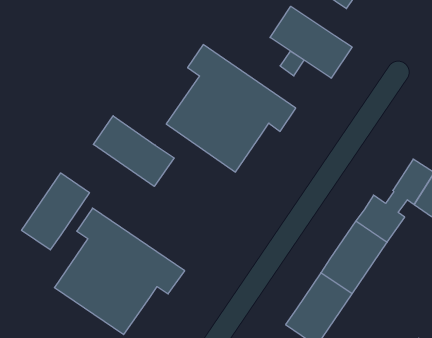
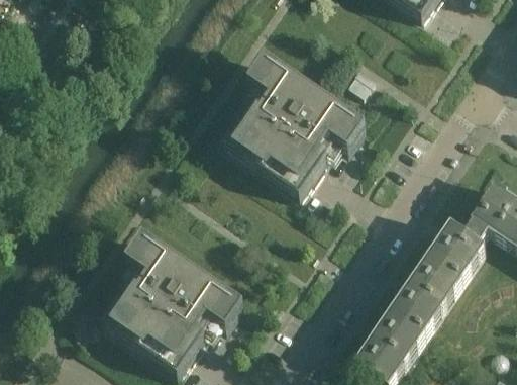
building: [270,6,352,78] -> none
building: [93,116,174,186] -> none
building: [22,173,89,250] -> none

